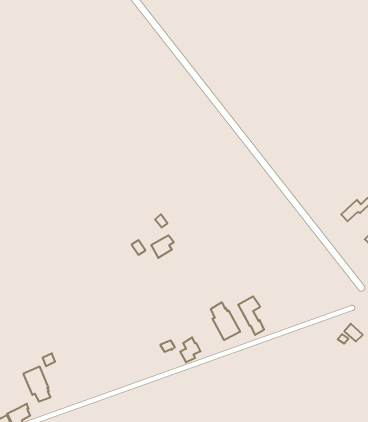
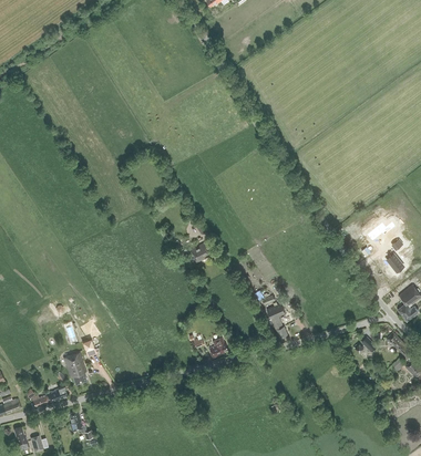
building: [211,302,240,340] -> none

